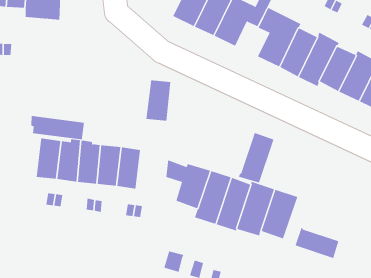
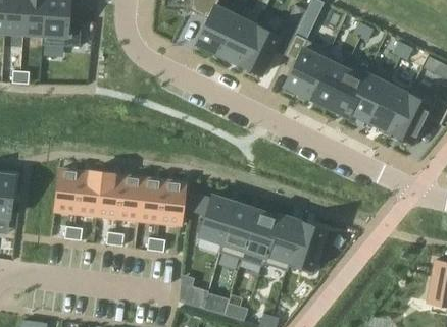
building: [145,80,171,121] -> [158,181,185,224]
building: [31,115,84,140] -> none
building: [238,132,274,184] -> none
building: [295,227,339,259] -> none

